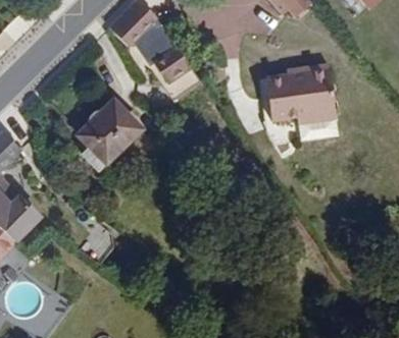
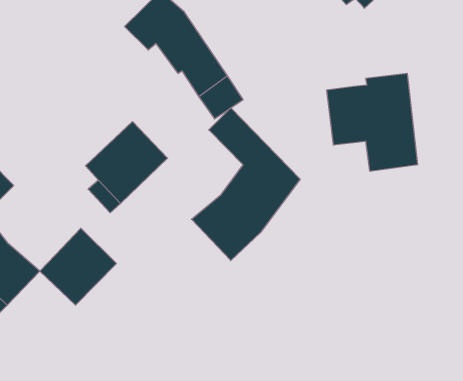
building: none -> [191,108,300,261]
building: none -> [40,228,116,305]

